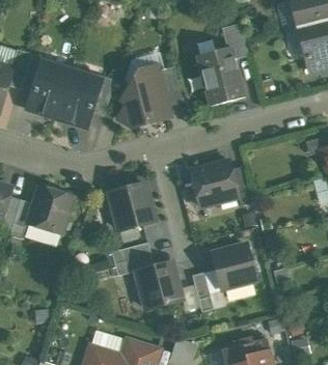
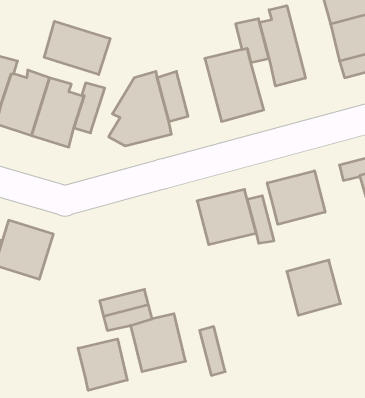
building: none -> [259,6,305,86]
building: none -> [44,21,110,75]
building: none -> [267,171,325,224]
building: [109,181,154,229] -> none
building: [212,243,255,287] -> [287,260,341,315]
building: none -> [78,339,127,390]

